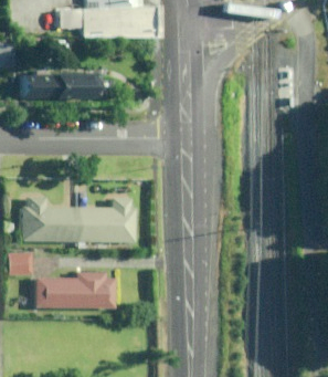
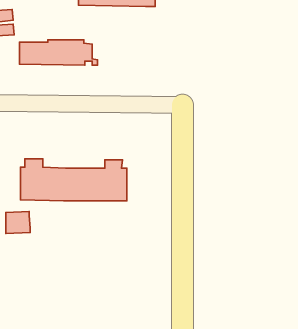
building: [38,271,121,308] -> none

